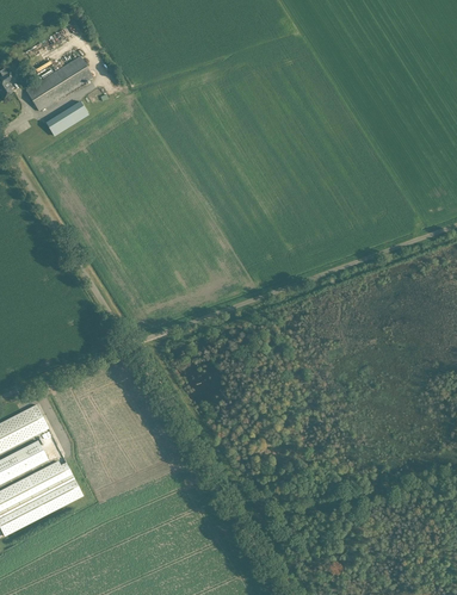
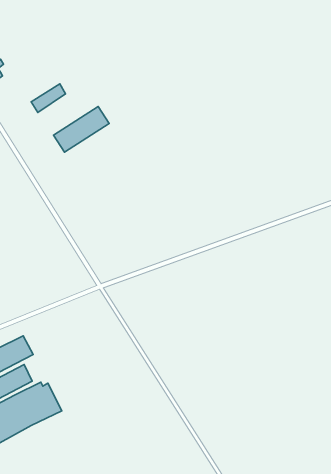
building: [26,56,93,111] -> [54,107,109,152]

